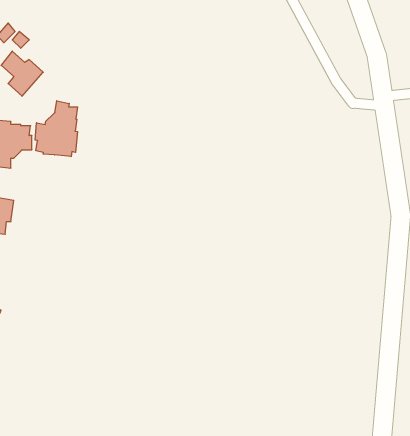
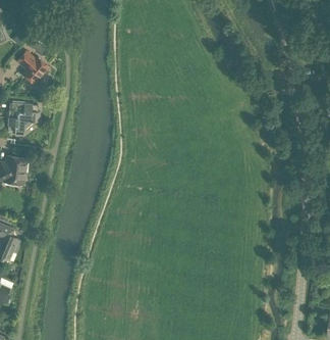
building: [35,101,78,157] -> none

